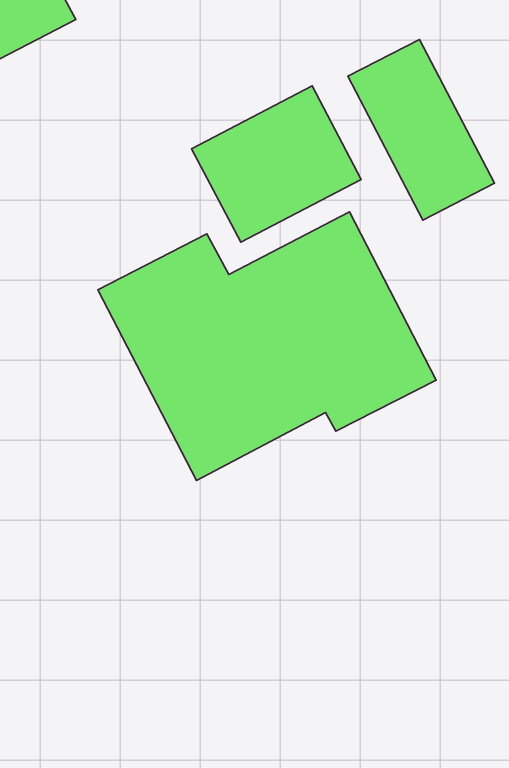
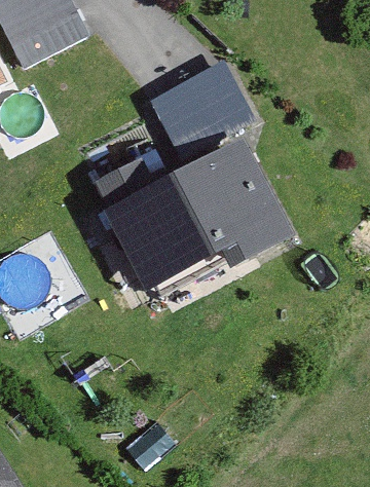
building: [348,39,495,220] -> none

